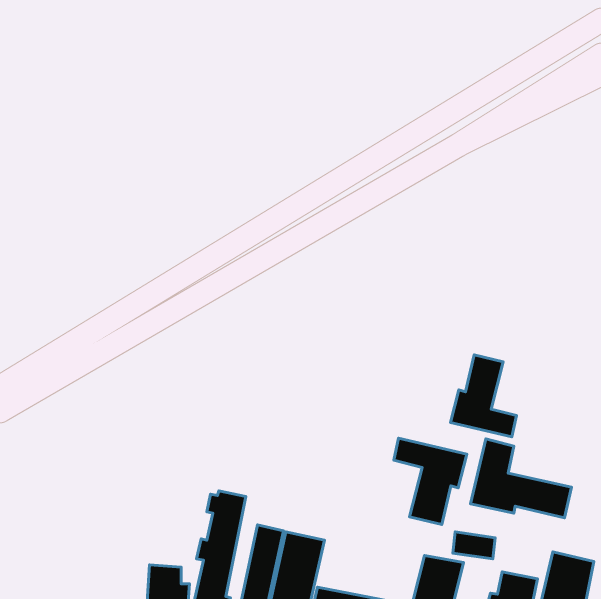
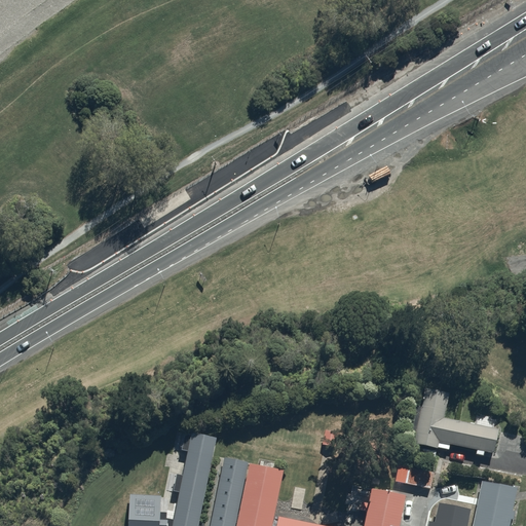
building: [450,355,517,437] -> none
building: [394,438,467,525] -> none

